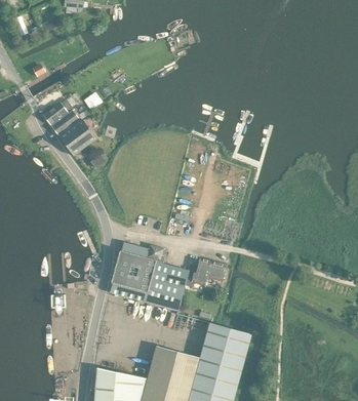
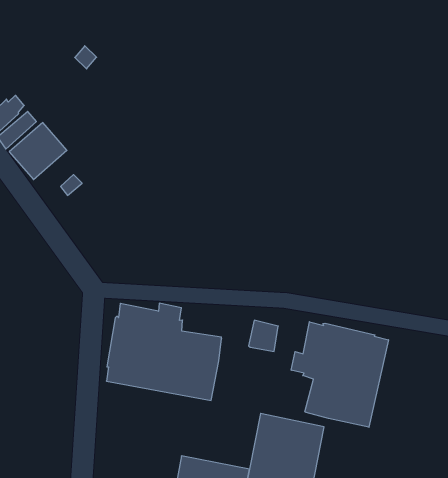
building: [185,258,210,287] -> none
building: none -> [291,322,388,427]

